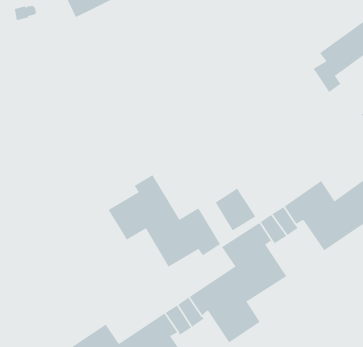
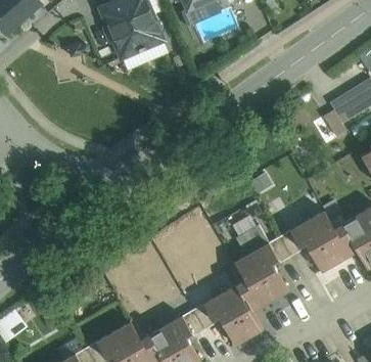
building: [108,174,221,268] -> none

